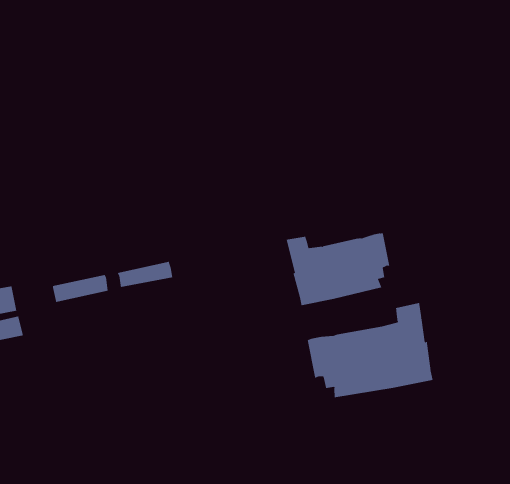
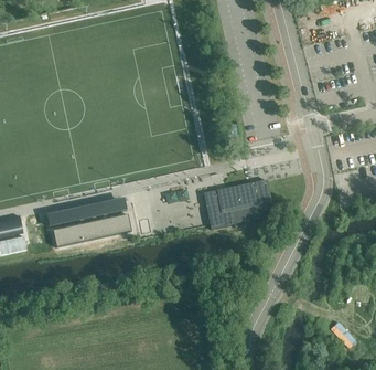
building: none -> [52,213,131,247]
building: [307,302,433,398] -> none

